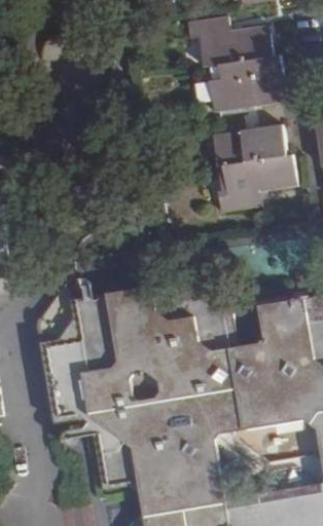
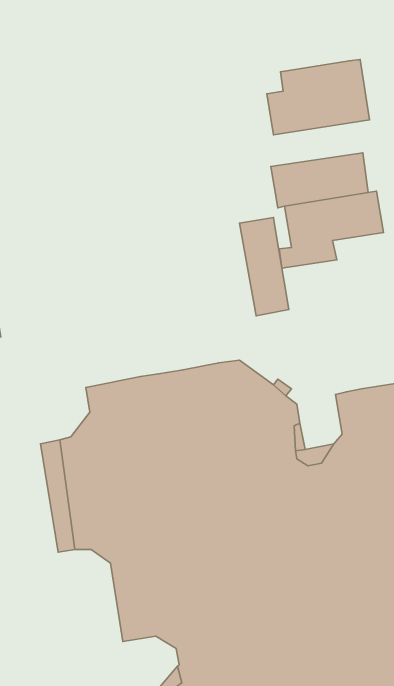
building: [184,15,268,66] -> none
building: none -> [239,217,289,316]

